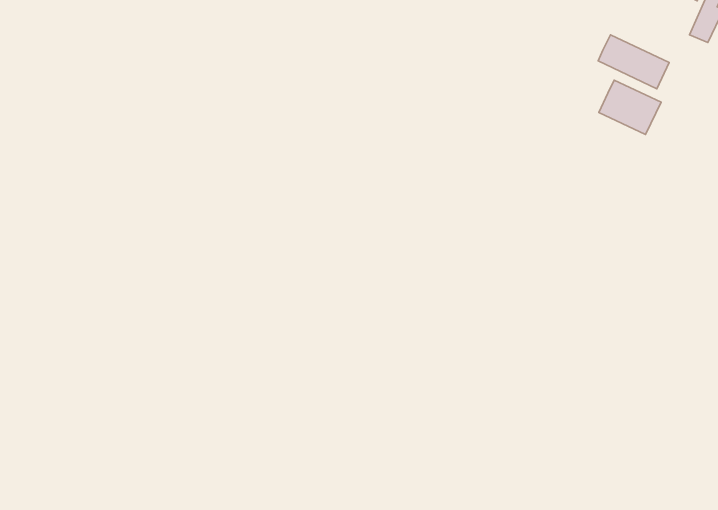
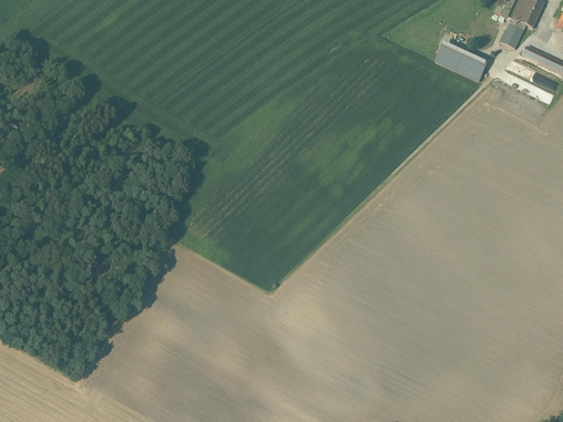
building: [599,80,661,135] -> none

